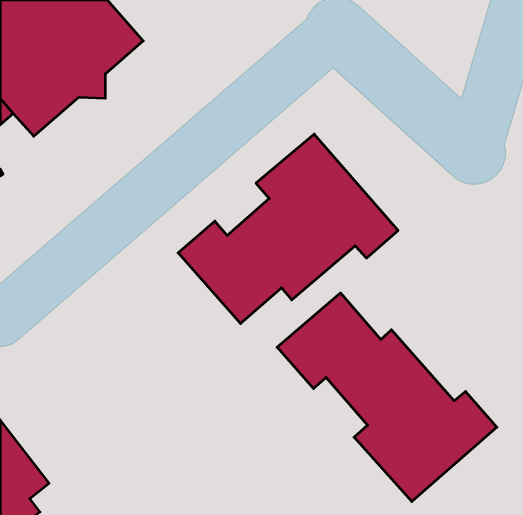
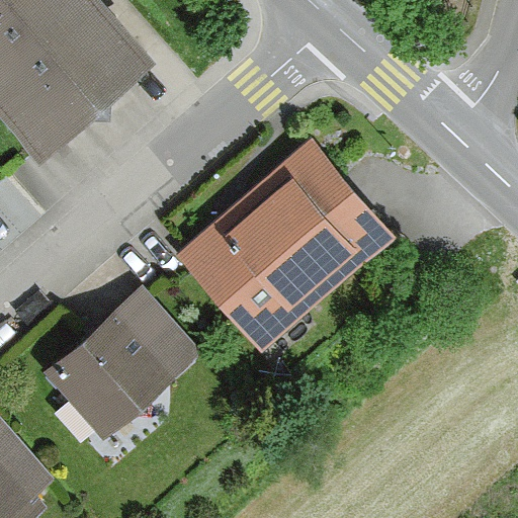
building: none -> [48,293,194,435]
building: [277,293,497,502] -> none

